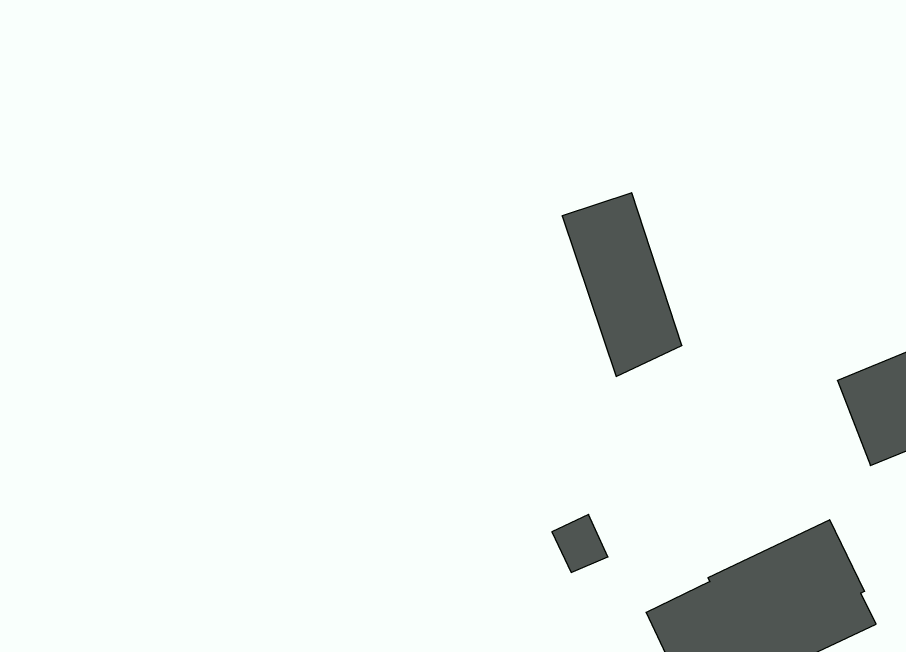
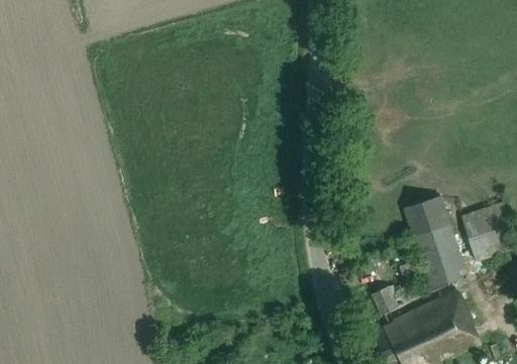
building: [562,193,682,376] -> [404,195,467,291]
building: [552,514,608,572] -> [371,285,400,315]

